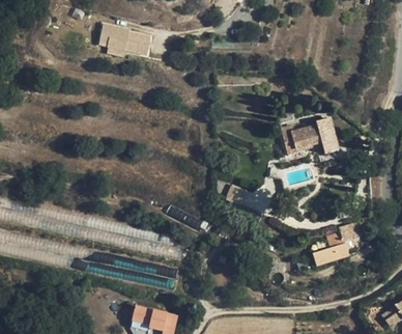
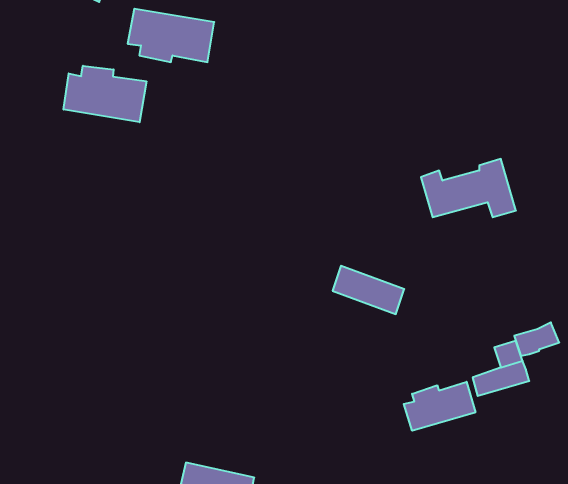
building: none -> [64,66,146,122]
building: none -> [404,382,475,431]

